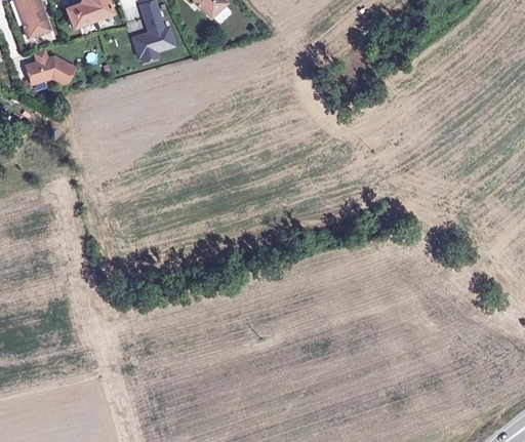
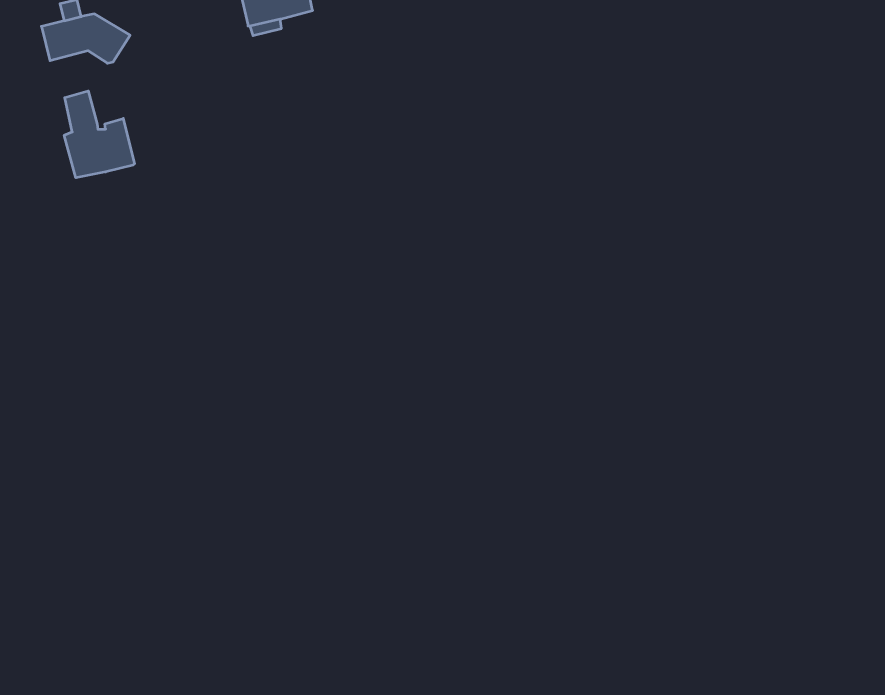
building: none -> [64,91,134,178]

